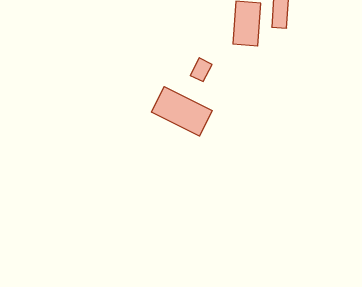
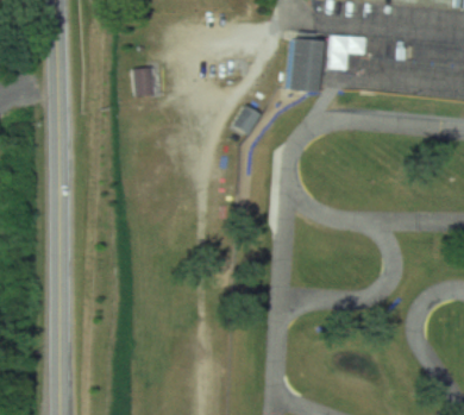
building: none -> [136,68,155,96]
building: [152,87,212,136] -> none

